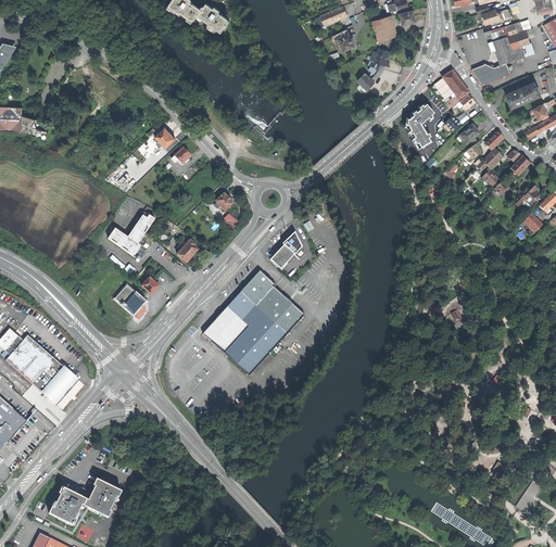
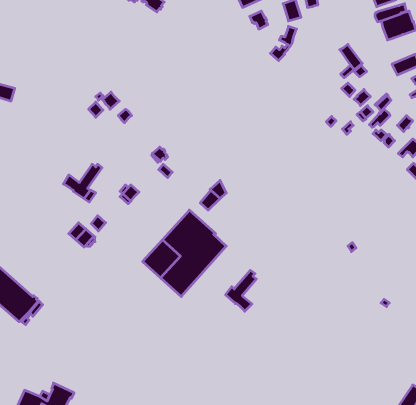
building: [470,63,509,86] -> none
building: [405,105,433,150] -> none
building: none -> [226,270,256,311]

